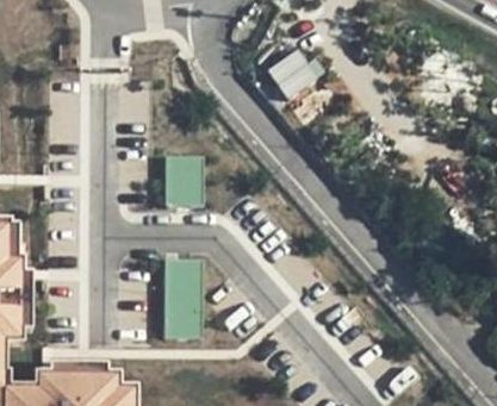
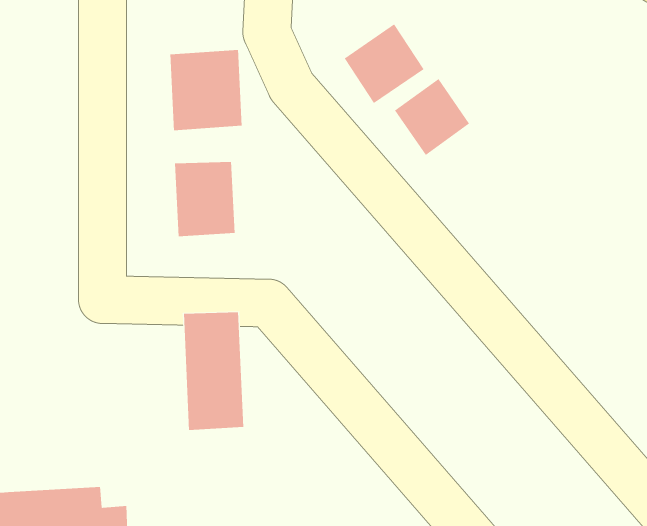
building: none -> [170,49,242,131]
building: none -> [394,78,470,156]

